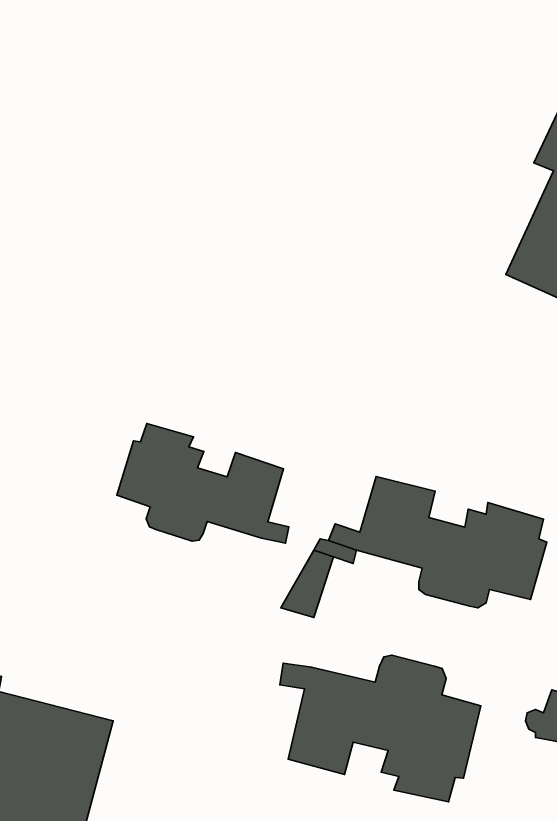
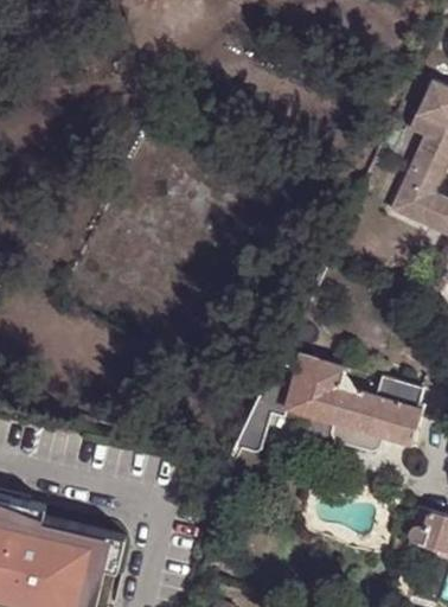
building: [117,424,289,543] -> none
building: [280,655,481,802] -> none

